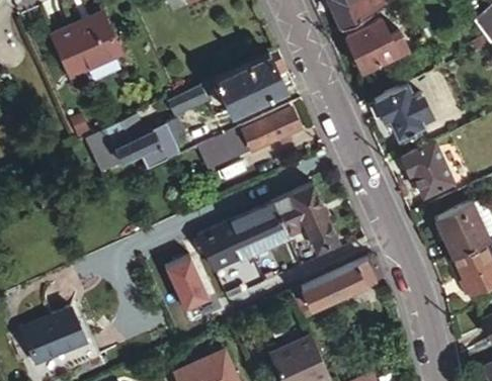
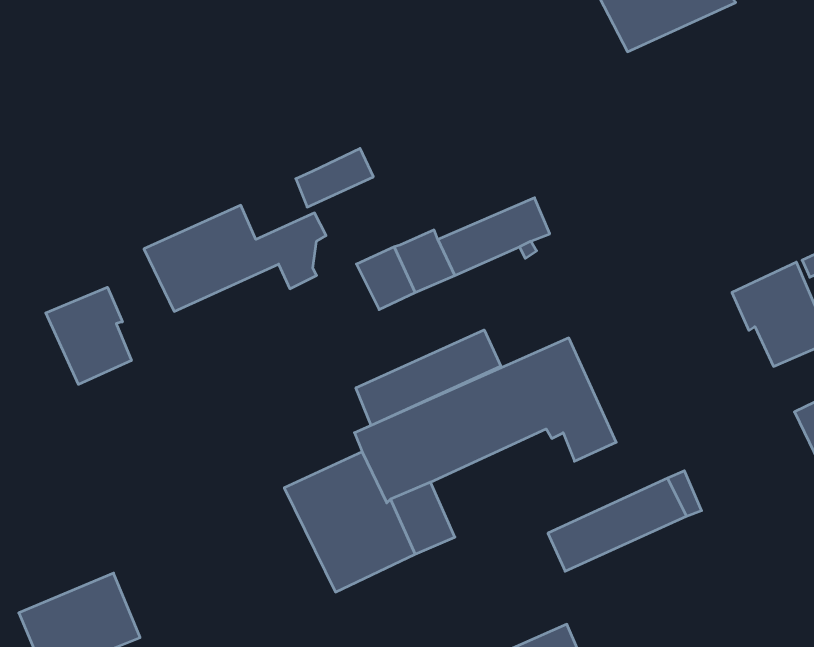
building: [48,10,121,78] -> none
building: [346,21,410,75] -> none
building: [217,52,286,112] -> none
building: [374,85,432,137] -> none
building: none -> [46,287,131,384]
building: none -> [356,330,501,425]

